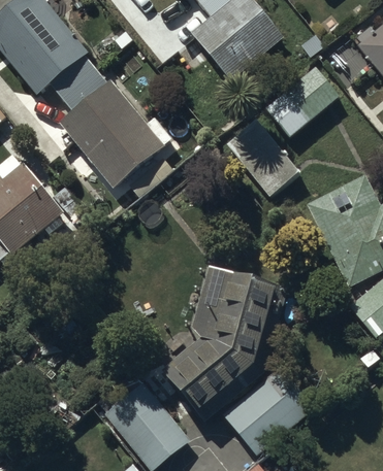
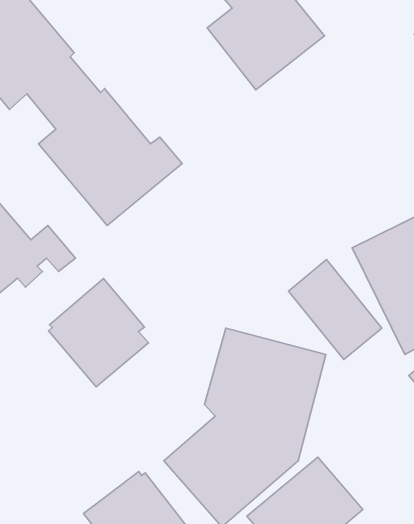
building: [265,67,342,139] -> none
building: [226,119,299,197] -> [288,260,382,360]
building: none -> [49,279,148,387]

